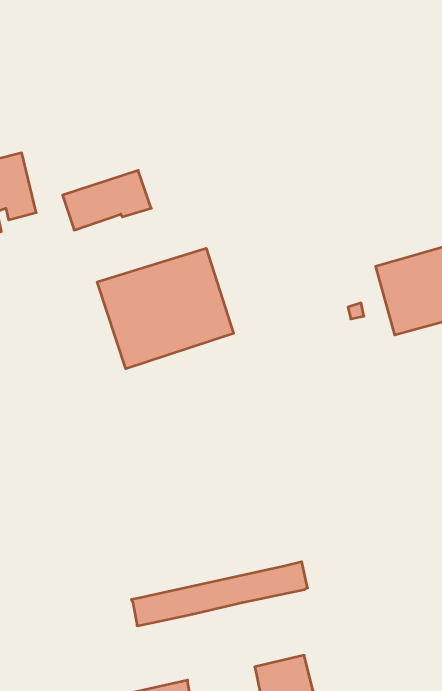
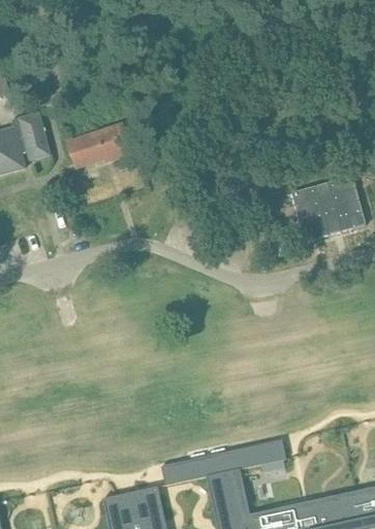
building: [97,248,234,369] -> none
building: [131,562,308,626] -> [161,440,286,486]

